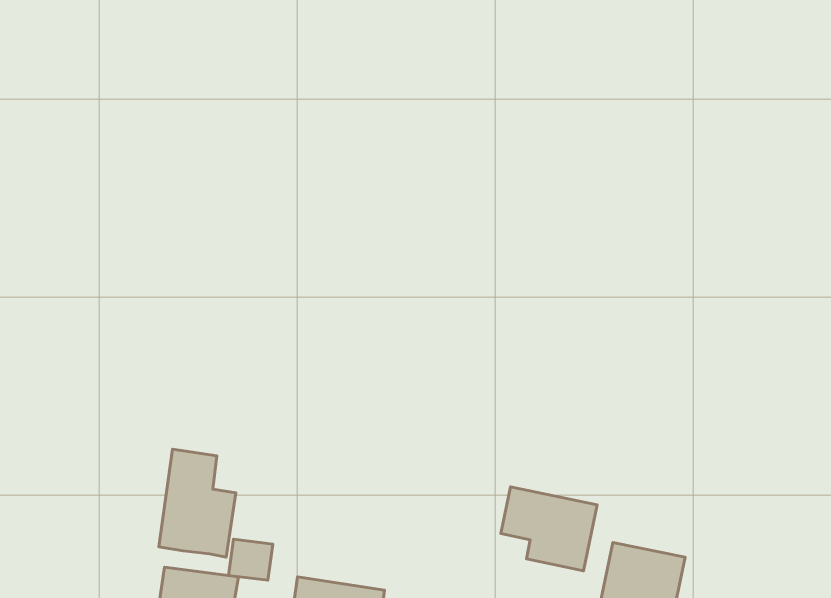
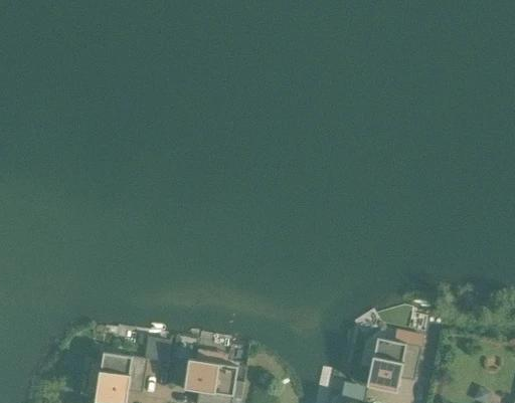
building: [159,449,236,557] -> none
building: [501,487,597,571] -> none

